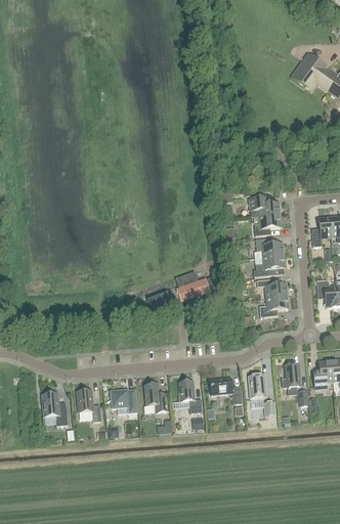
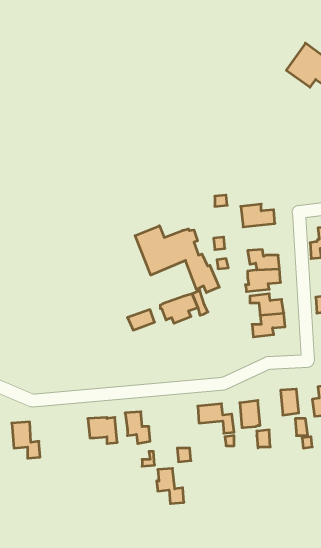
building: [254,214,281,234] -> none
building: none -> [135,226,219,293]
building: [178,381,203,412] -> [157,468,184,504]
building: [77,390,101,422] -> none

